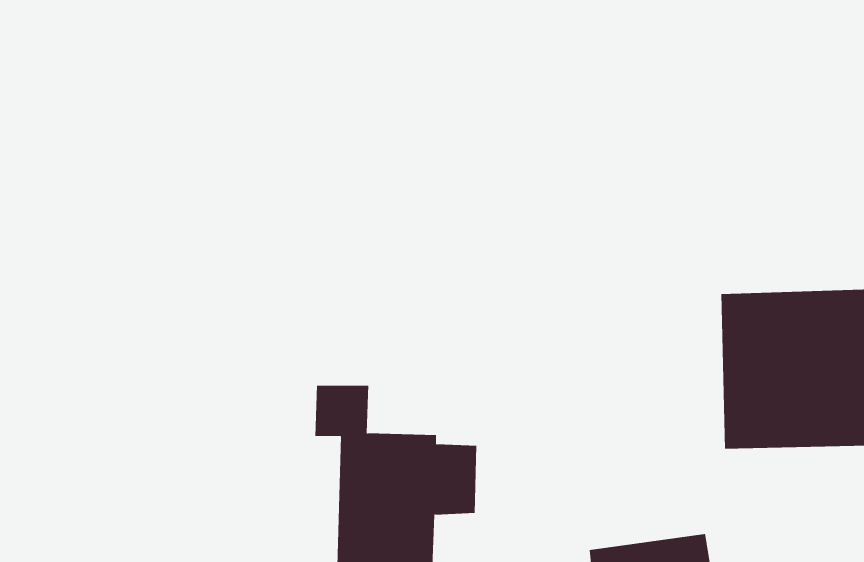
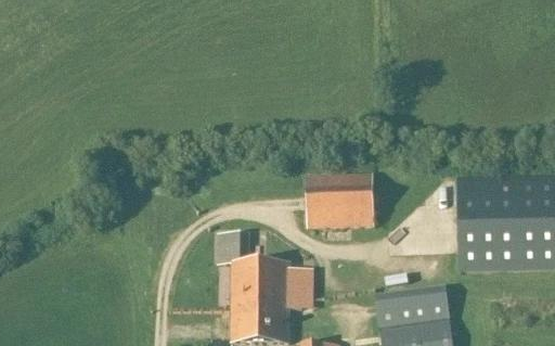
building: none -> [304,172,373,228]
building: none -> [373,286,448,329]

